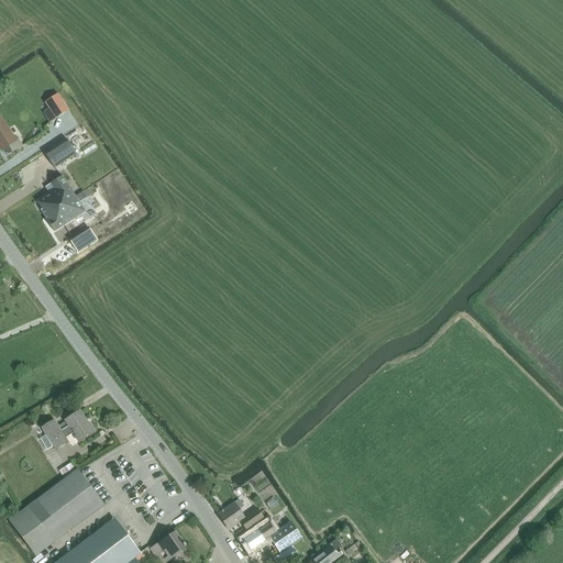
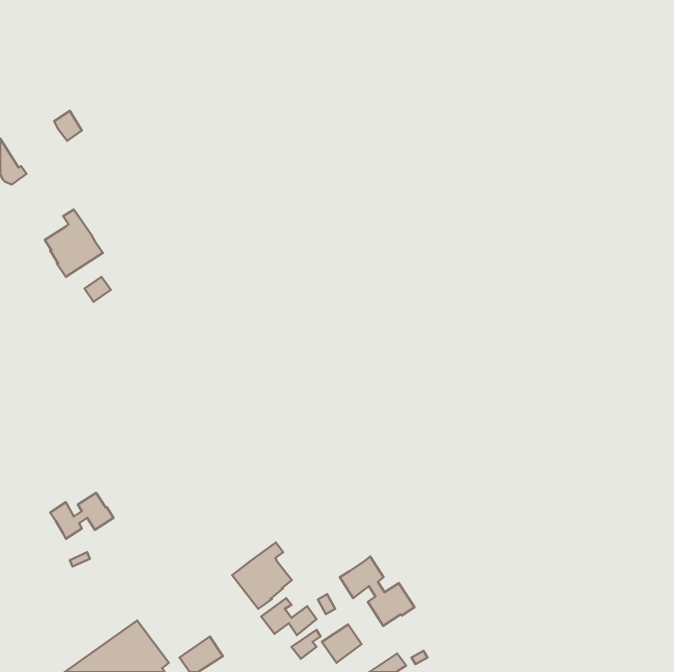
building: [45,137,76,167] -> none
building: none -> [232,543,292,609]
building: none -> [340,556,414,626]
building: [9,468,103,554] -> none

